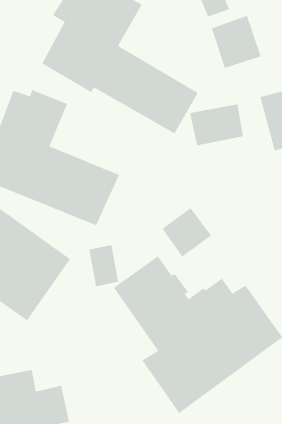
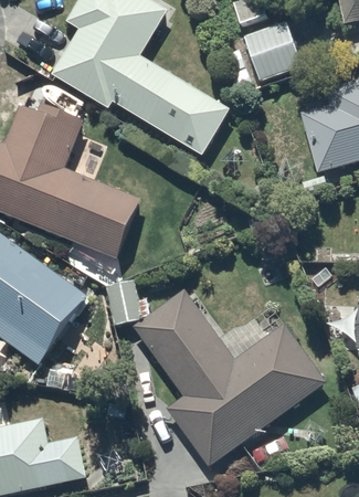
building: [190,103,244,146] -> none
building: [162,207,212,257] -> none

